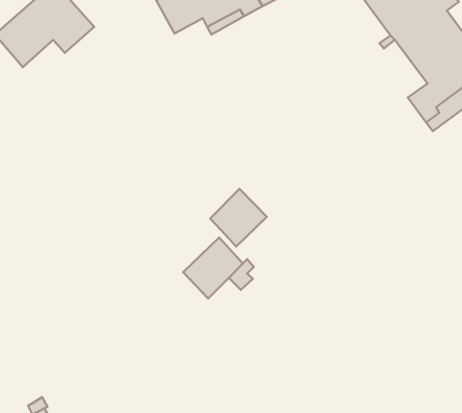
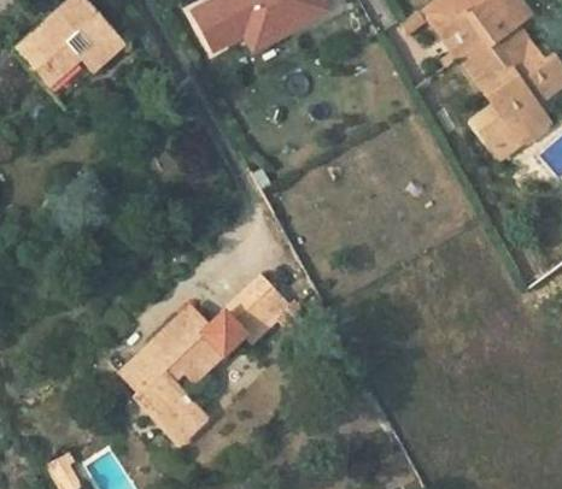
building: [210,189,267,247] -> none
building: none -> [121,308,221,443]

